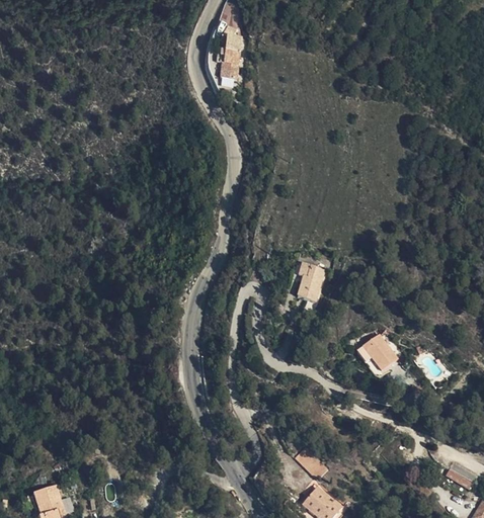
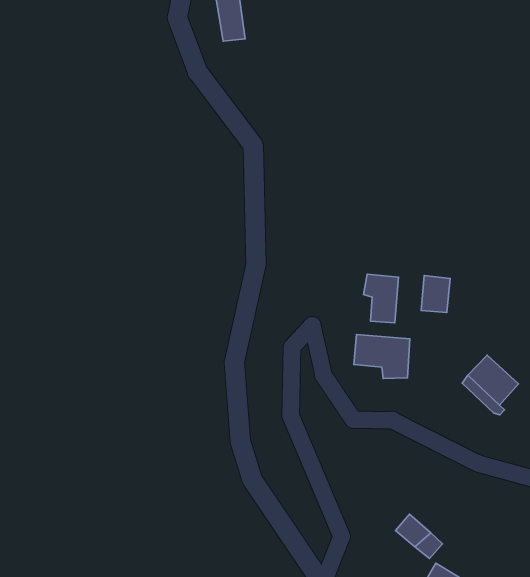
building: none -> [421,276,450,312]
building: none -> [354,334,410,378]

